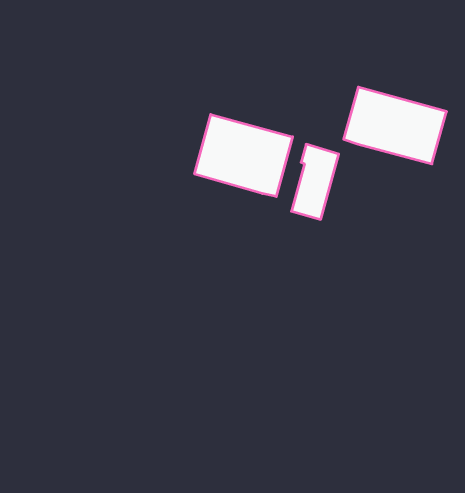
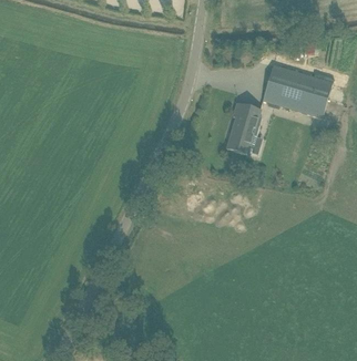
building: [195,114,293,197] -> none

